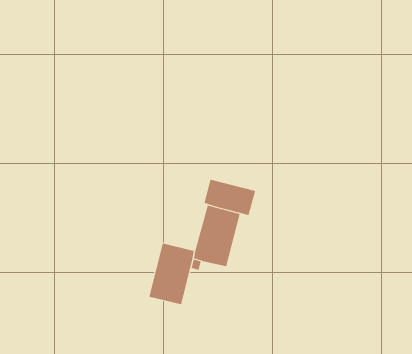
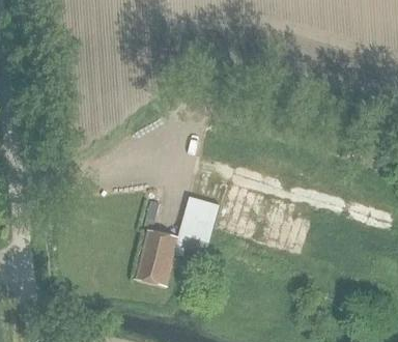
building: [204,179,256,216] -> none

